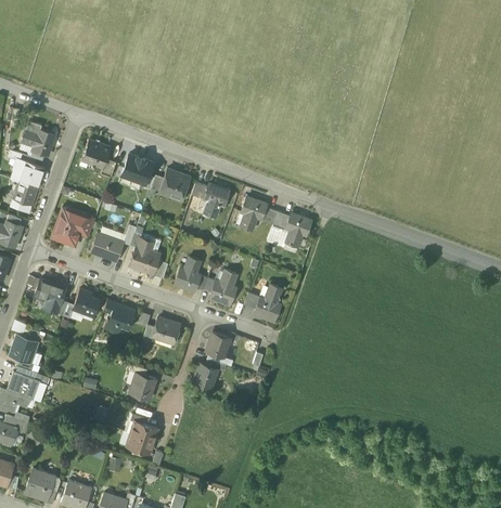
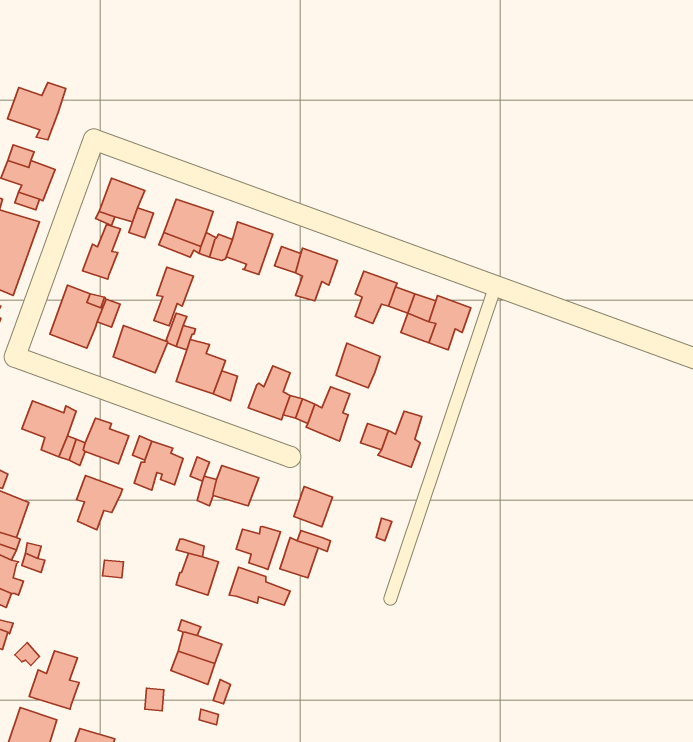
building: none -> [8,83,66,140]
building: none -> [83,225,121,279]
building: none -> [154,267,193,326]
building: none -> [336,343,380,388]
building: none -> [76,475,122,530]
building: none -> [236,526,280,569]
building: none -> [229,567,290,605]
building: none -> [29,651,79,709]

